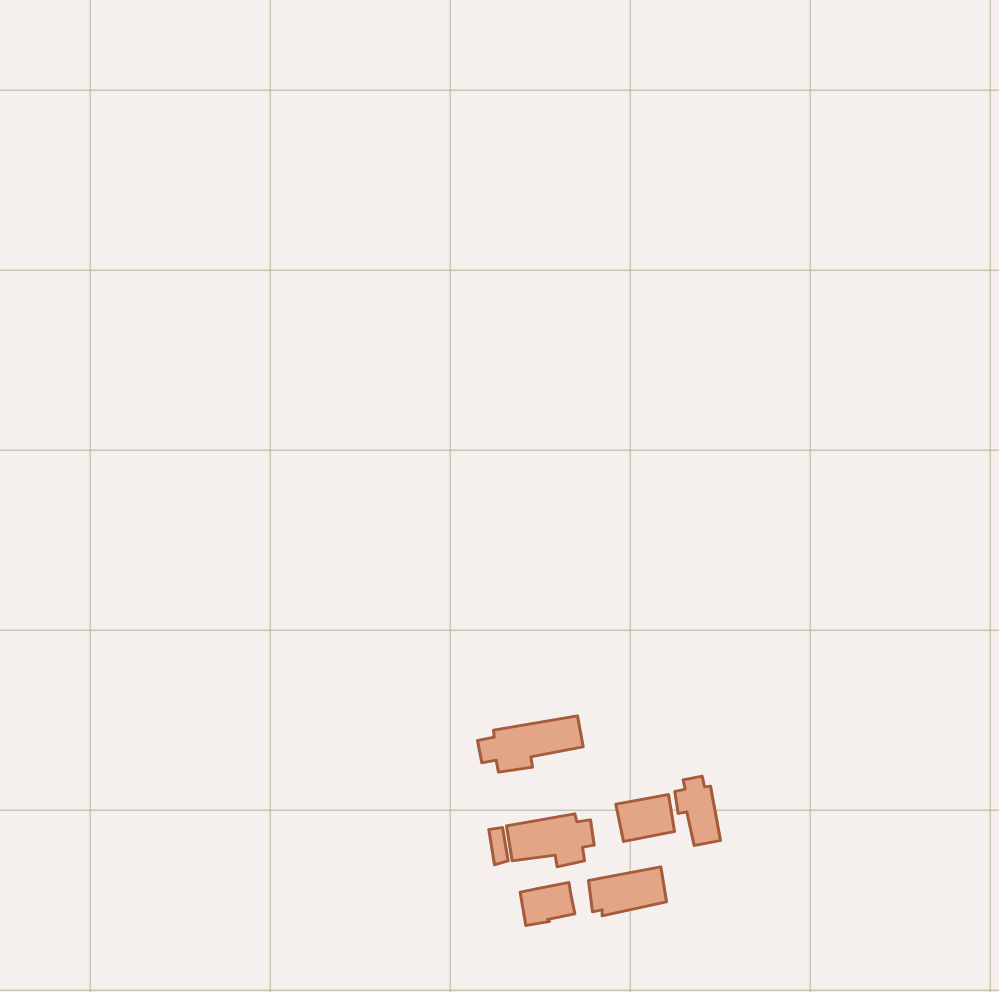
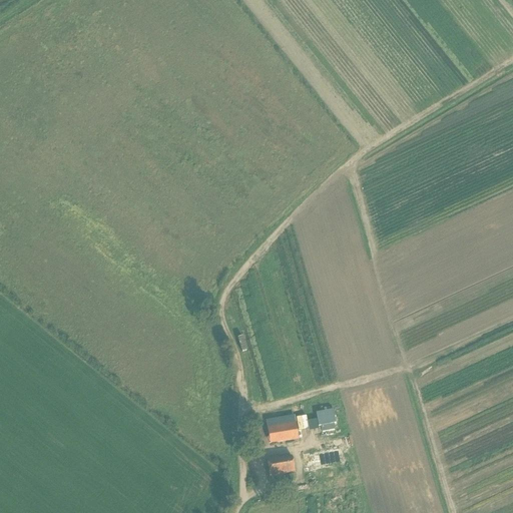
building: [477,716,583,772] -> none
building: [675,776,721,845] -> none

